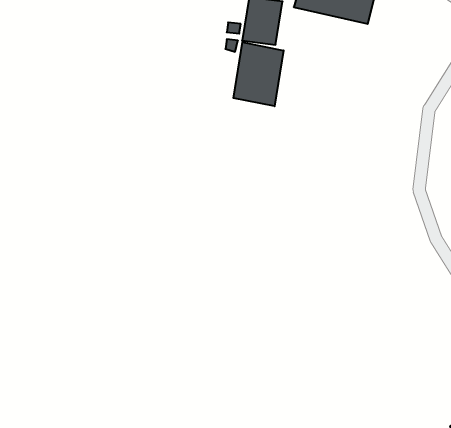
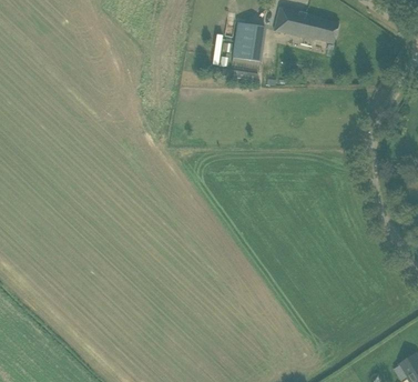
building: [233,42,284,106] -> none

